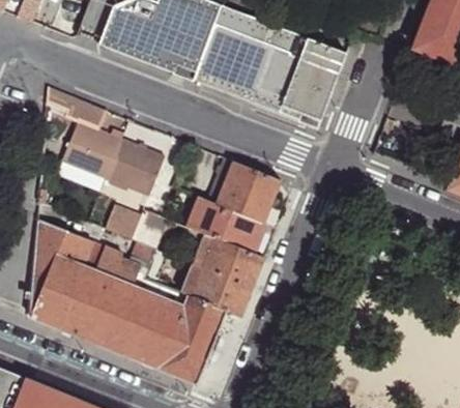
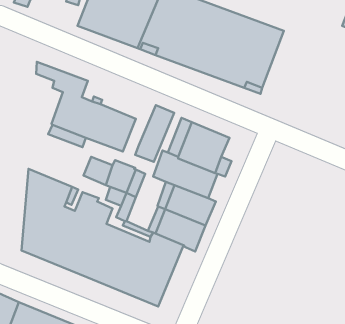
building: none -> [135,105,174,162]

